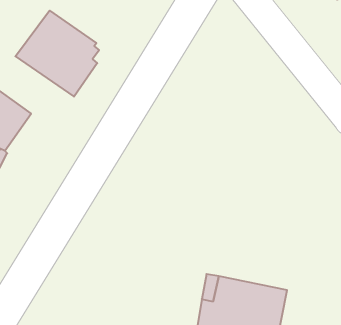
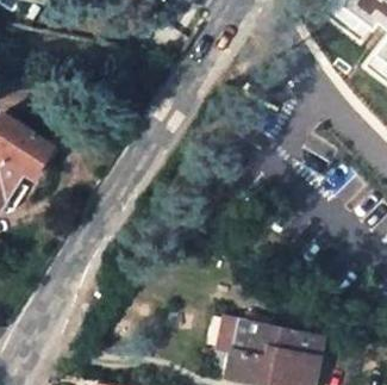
building: [15,11,99,97] -> none

